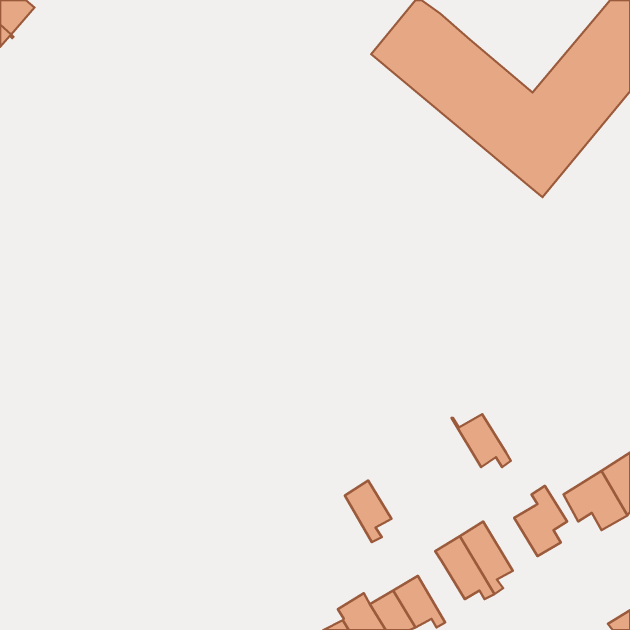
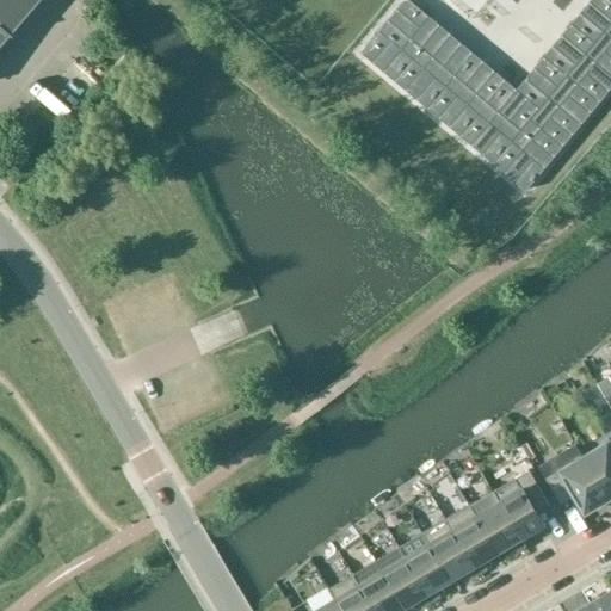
building: [452,414,511,467] -> [468,501,525,553]
building: [345,481,392,542] -> [405,543,450,603]

